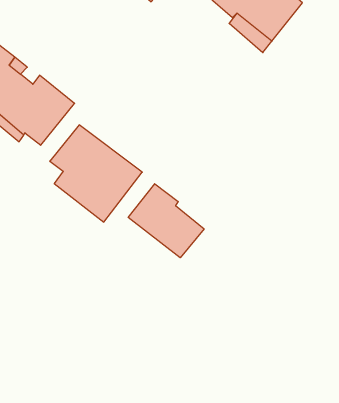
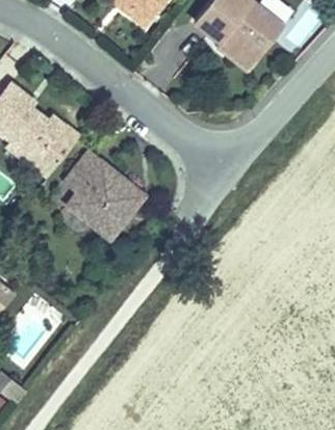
building: [128,184,204,258] -> none

